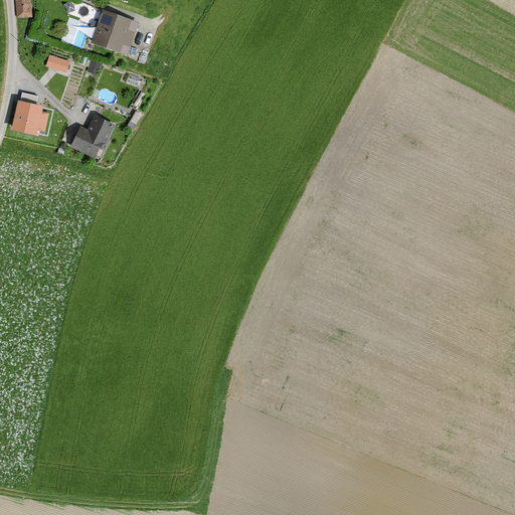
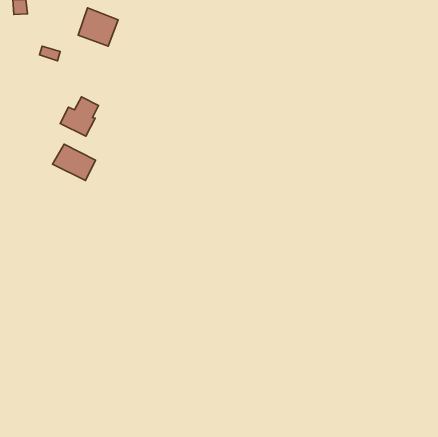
building: [11,100,43,134] -> none
building: none -> [53,144,96,181]

